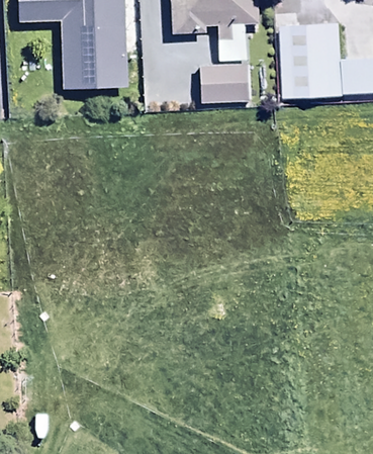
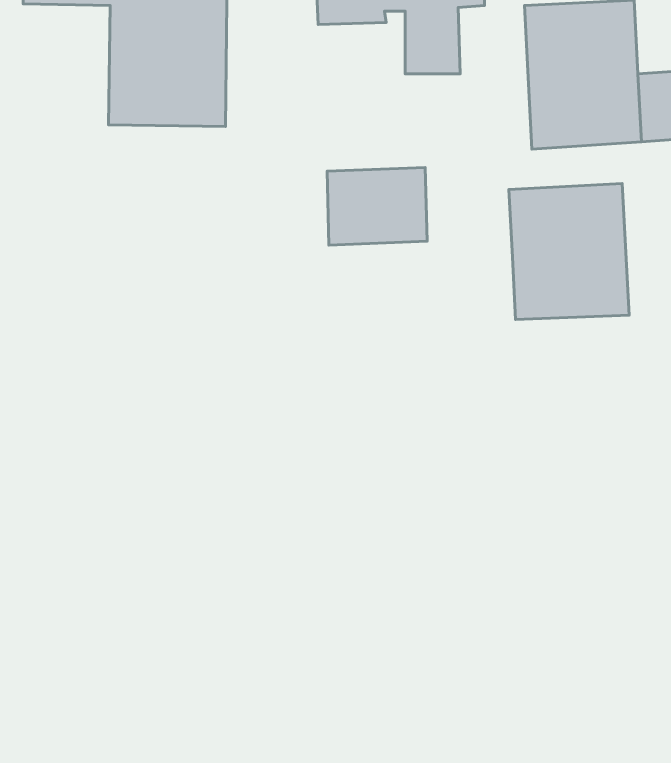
building: [199,62,253,103] -> [327,168,427,245]
building: none -> [509,183,629,319]

